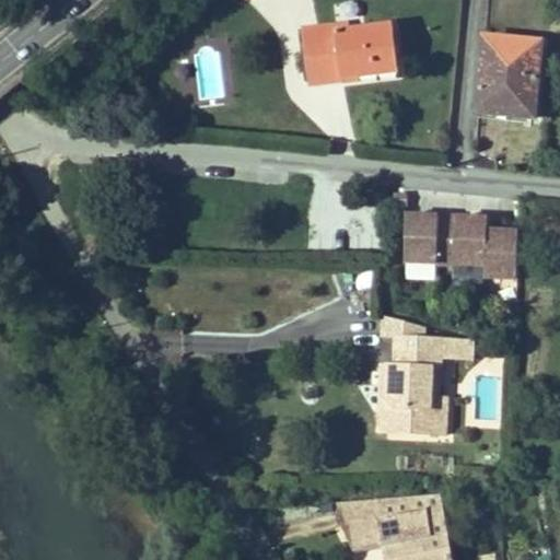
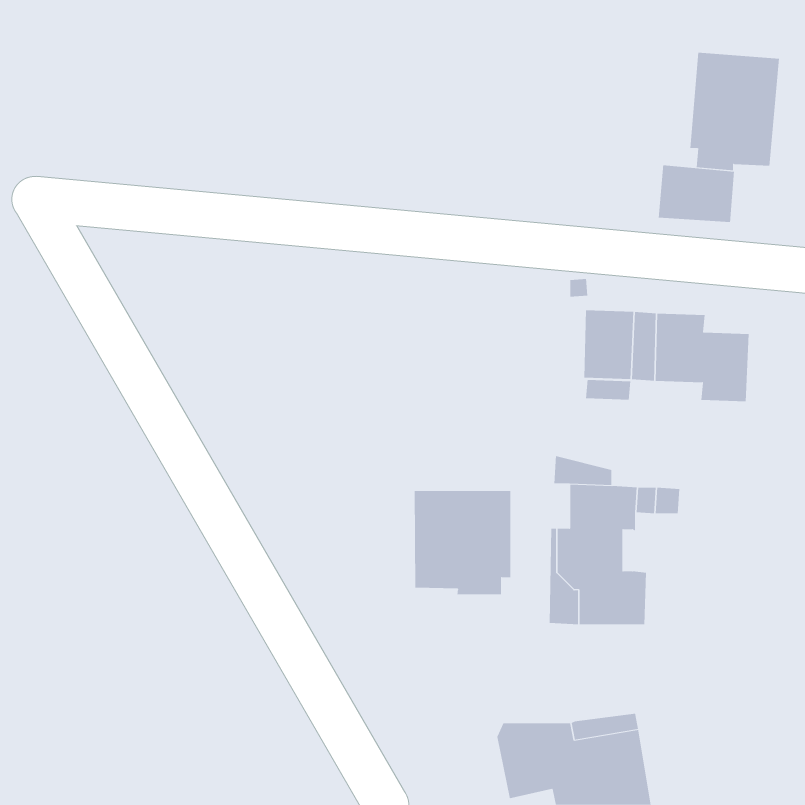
building: [301,21,398,82] -> none
building: none -> [658,165,735,223]
building: none -> [414,490,511,595]

